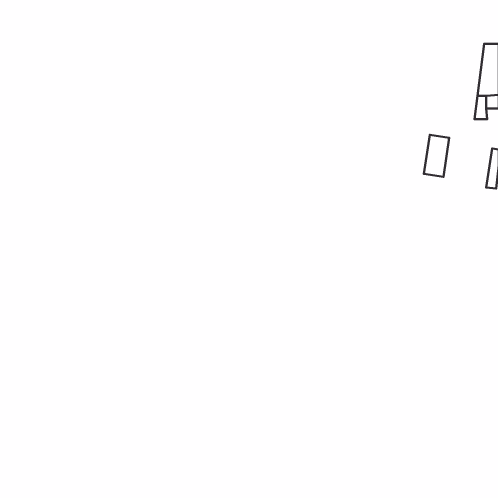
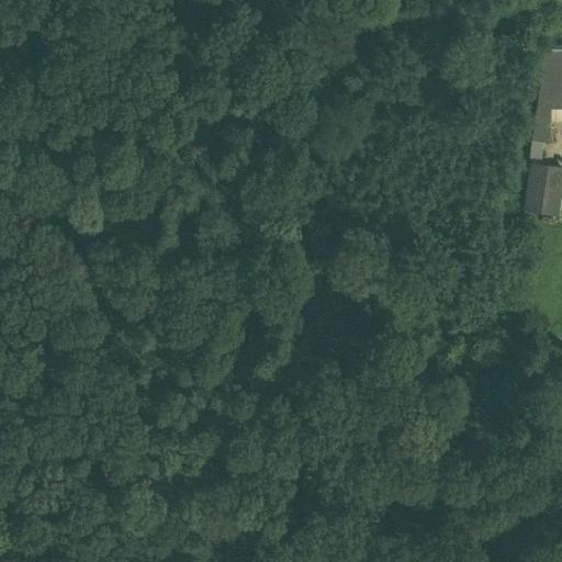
building: [424,135,449,177] -> [526,165,554,212]

